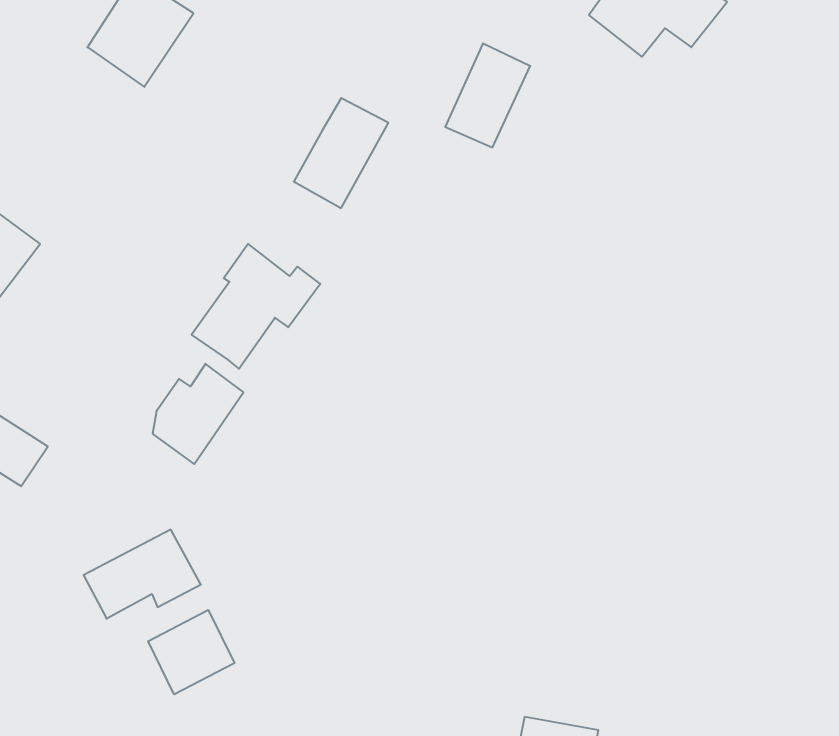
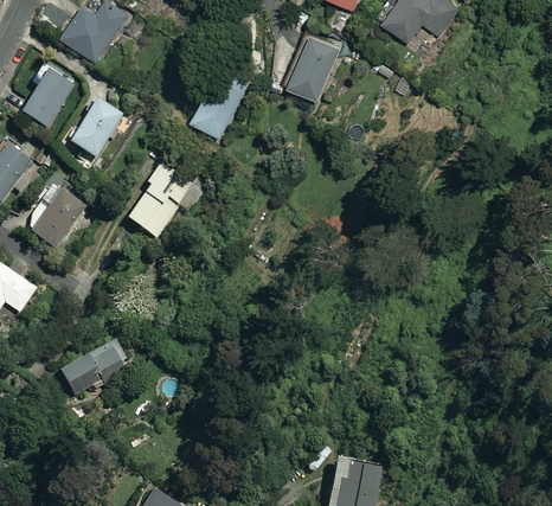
building: none -> [21,65,75,128]
building: none -> [70,98,122,158]
building: [153,364,243,464] -> [30,185,86,248]
building: [148,610,234,694] -> none

